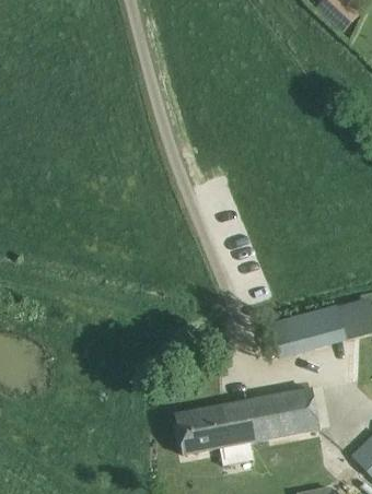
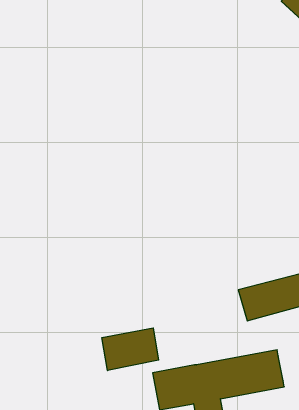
building: none -> [102,328,159,371]

